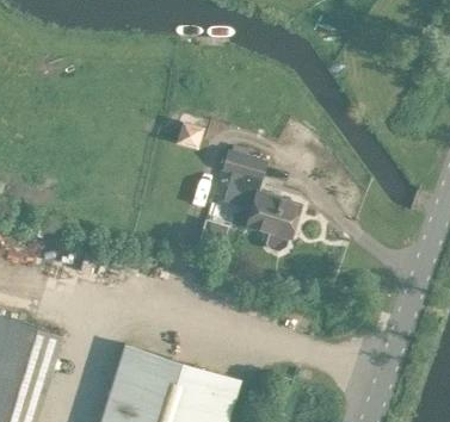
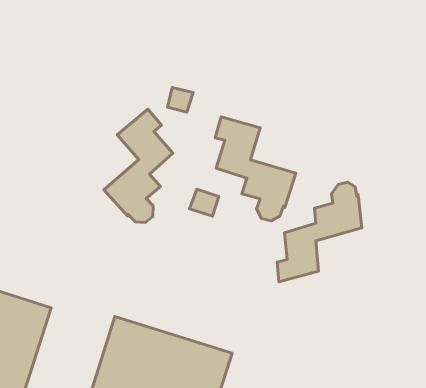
building: none -> [104,109,173,223]
building: none -> [277,182,362,282]

